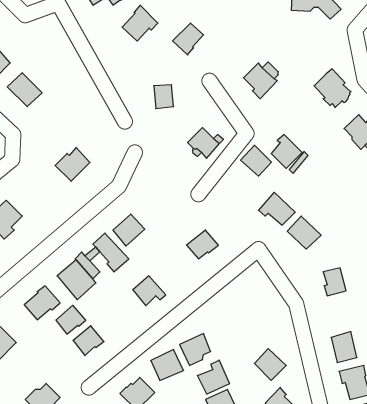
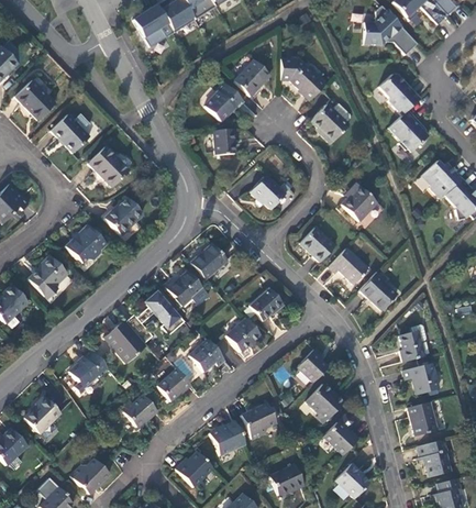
building: [122,5,158,41] -> [204,81,244,121]
building: none -> [279,58,326,100]
building: none -> [379,75,421,115]
building: none -> [88,146,128,186]
building: [241,145,271,176] -> [300,227,334,261]
building: none -> [65,224,106,263]
building: none -> [191,242,226,279]
building: none -> [225,318,261,351]
building: none -> [297,349,326,382]
building: none -> [402,363,438,394]
building: [56,305,86,334] -> [157,368,190,400]
building: none -> [306,384,343,422]
building: [197,360,230,394] -> none

